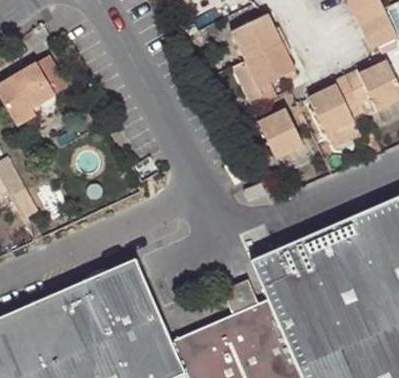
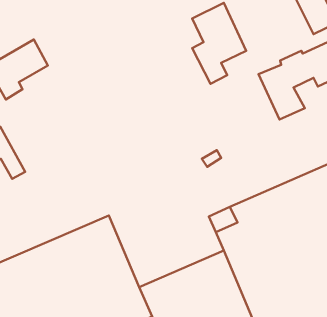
building: [258,108,304,159] -> none

